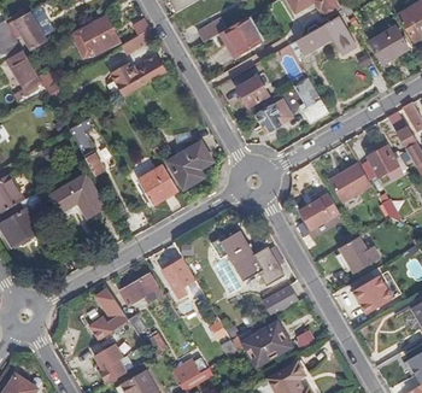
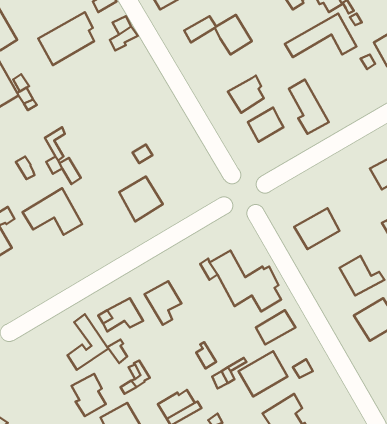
building: [111,54,165,95] -> none
building: [169,141,213,187] -> none
building: [329,163,371,201] -> none

